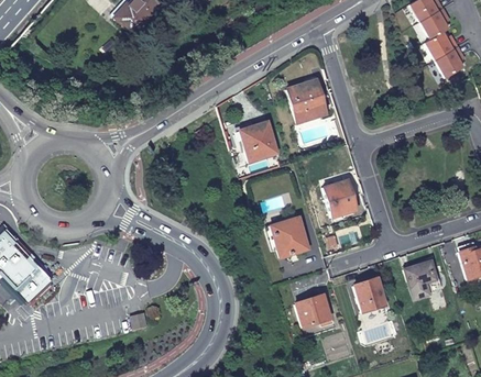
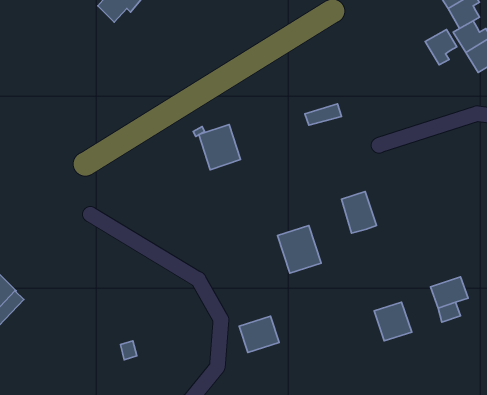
building: none -> [425,29,457,65]
building: [286,78,323,113] -> none
building: [241,122,277,162] -> [199,125,240,170]
building: [296,296,331,328] -> [239,316,279,353]

